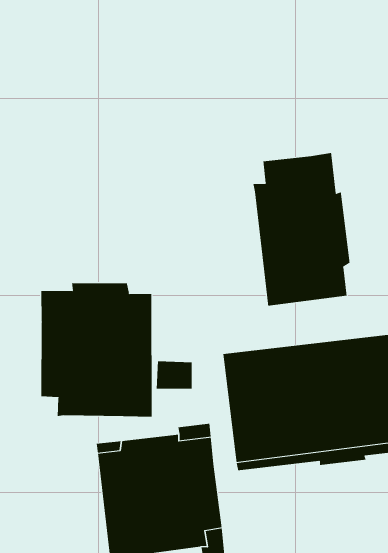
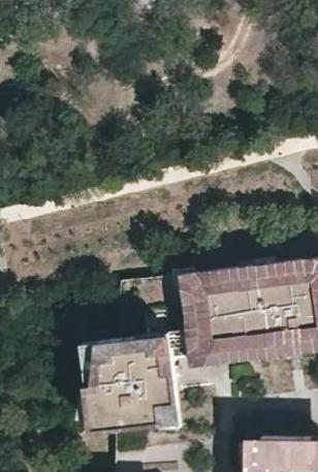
building: [253,152,350,307] -> none
building: [41,283,152,418] -> none

